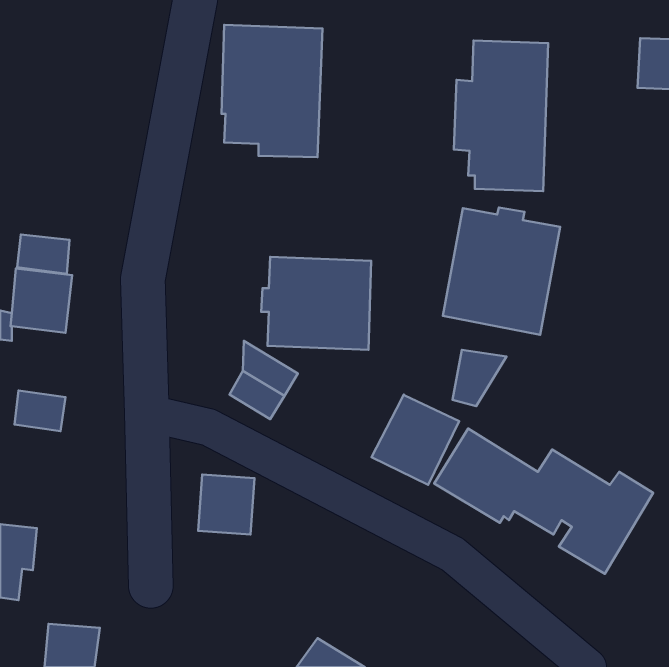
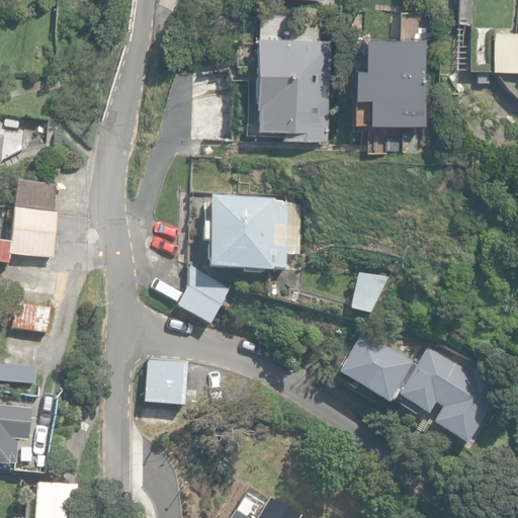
building: [222,25,323,157] -> [259,36,337,139]
building: [443,207,560,335] -> none
building: [372,395,459,485] -> none

